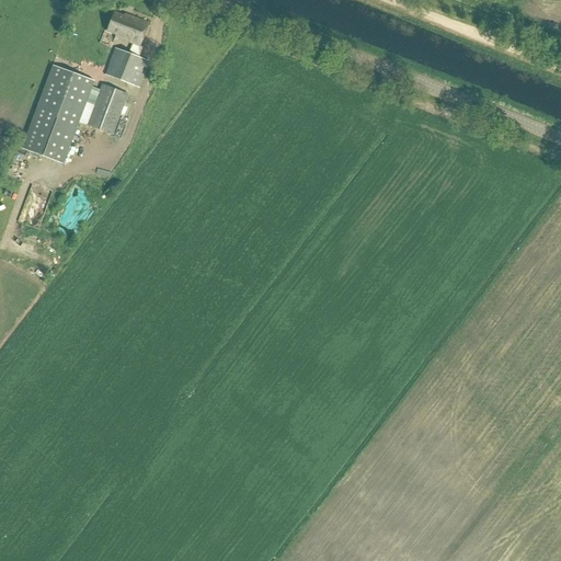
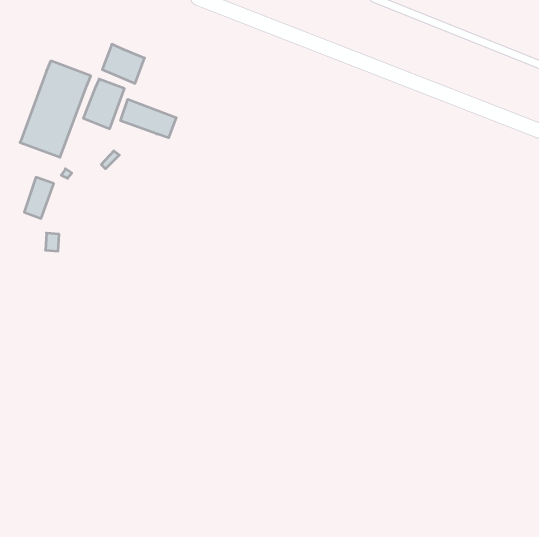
building: [107,10,149,44] -> none
building: none -> [121,99,176,138]

